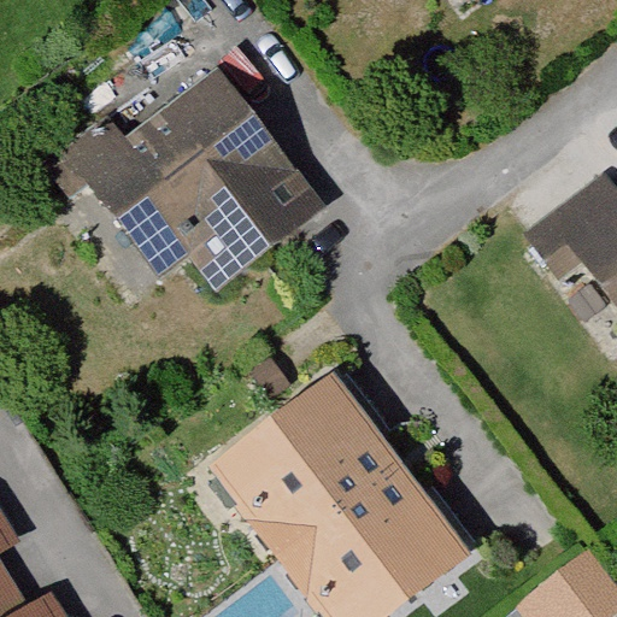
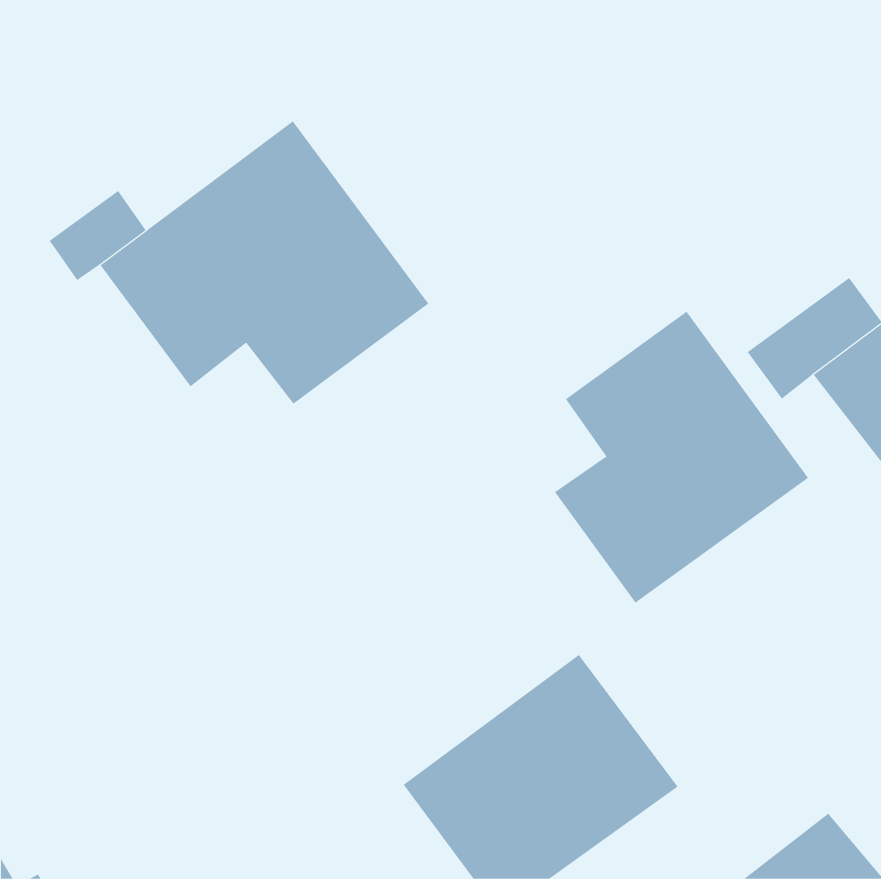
building: none -> [554,311,809,604]
building: [219,364,407,542] -> none

